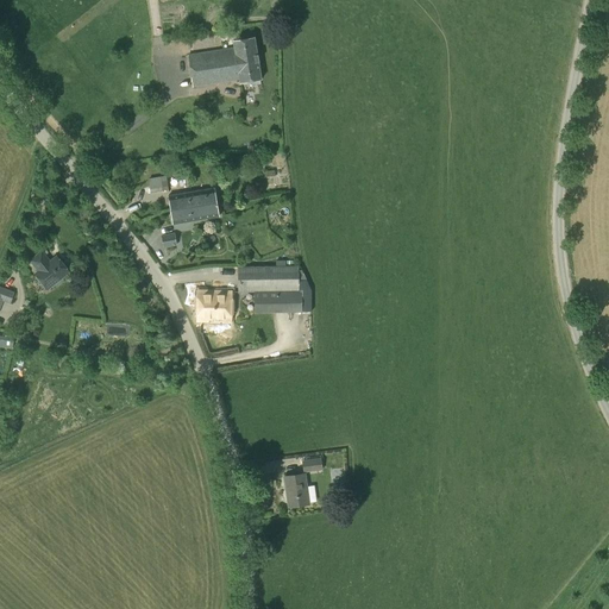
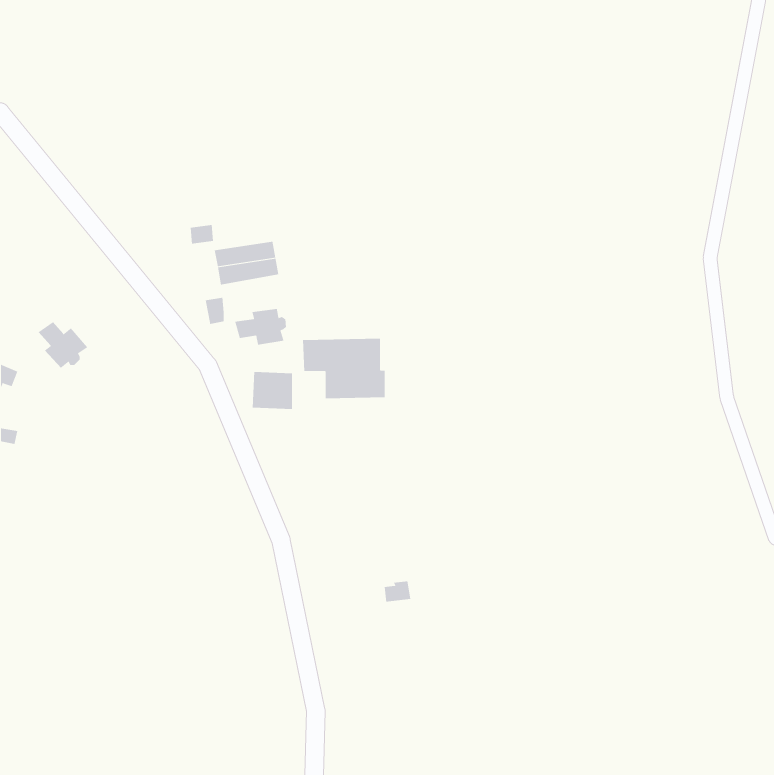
building: [189,38,262,86] -> none
building: none -> [235,308,286,346]
building: [285,473,309,507] -> none

